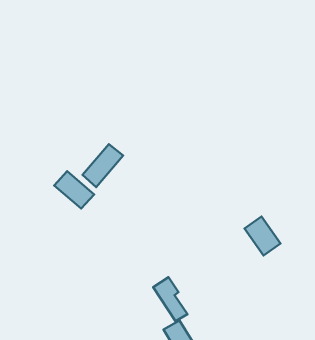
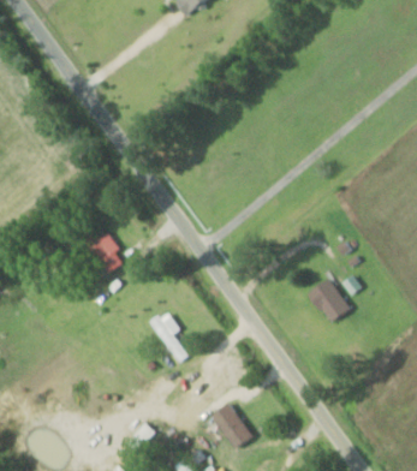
building: [82,144,123,187] -> none
building: [153,277,187,321] -> [149,312,190,365]

